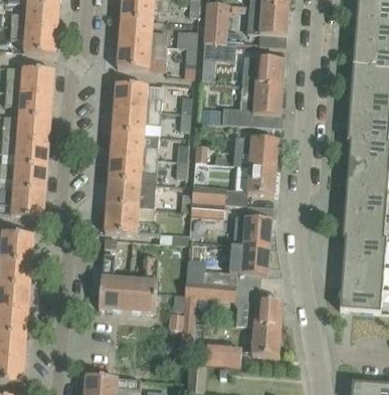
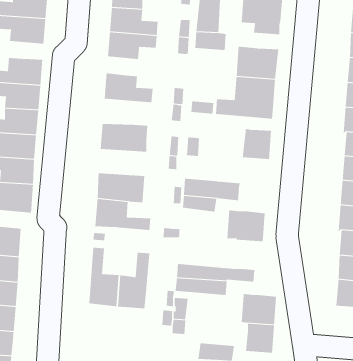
building: [112,108,161,133] -> none
building: [108,157,156,182] -> none
building: [235,164,275,195] -> none
building: [228,244,269,275] -> none

